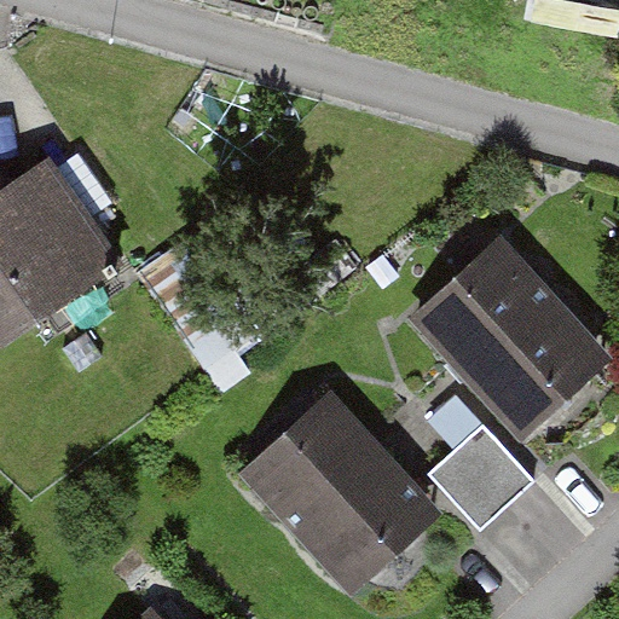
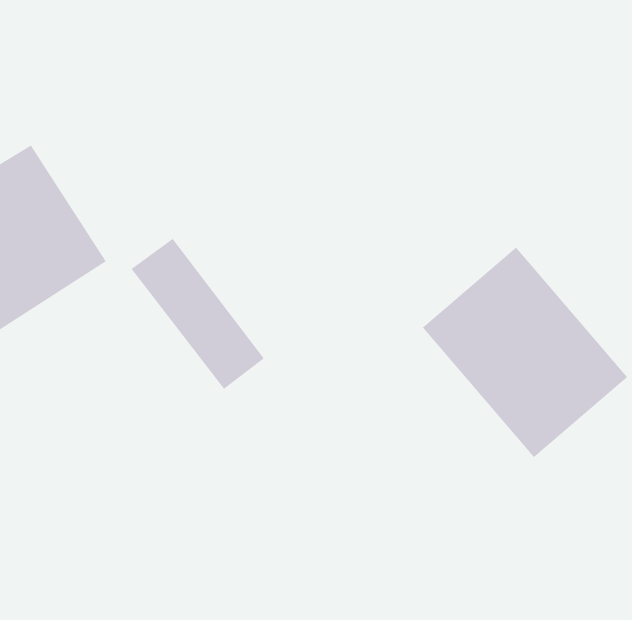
building: [244,395,440,594] -> none
building: [429,424,533,527] -> none

